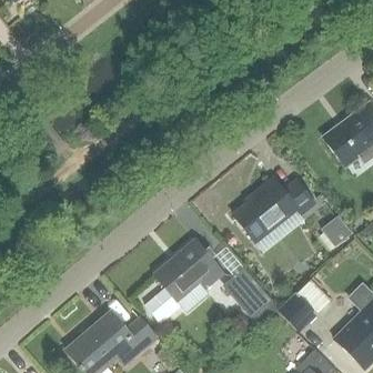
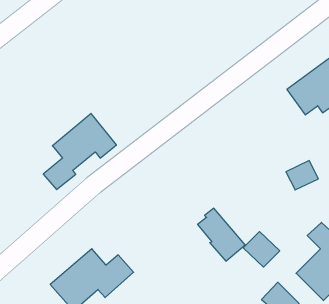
building: [233,178,315,241] -> none
building: [144,239,224,322] -> [43,113,116,190]

